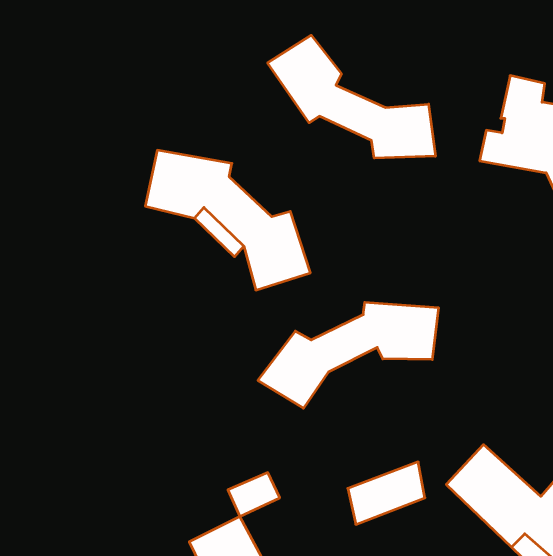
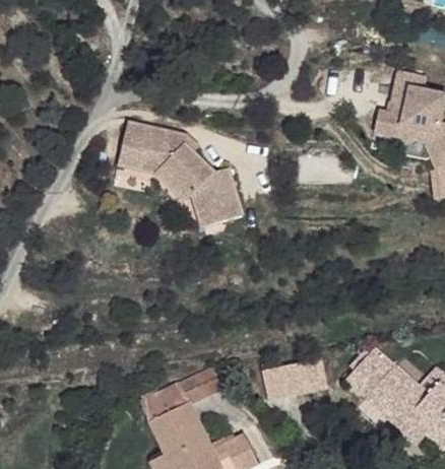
building: [268,35,435,158] -> none
building: [258,302,438,408] -> none
building: none -> [140,381,189,420]

